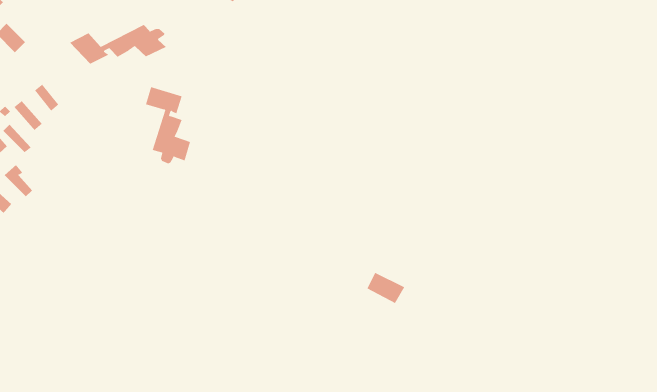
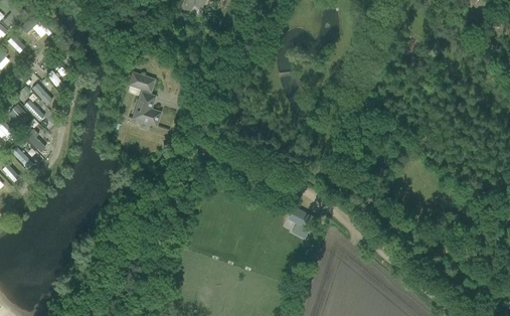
building: [69,24,167,65] -> none

